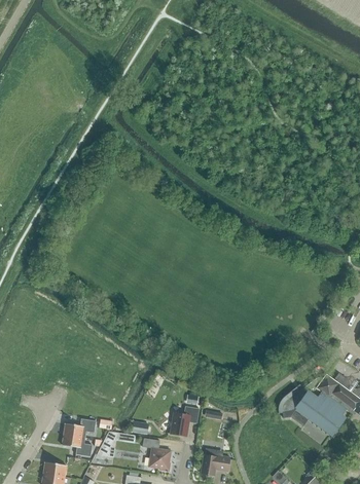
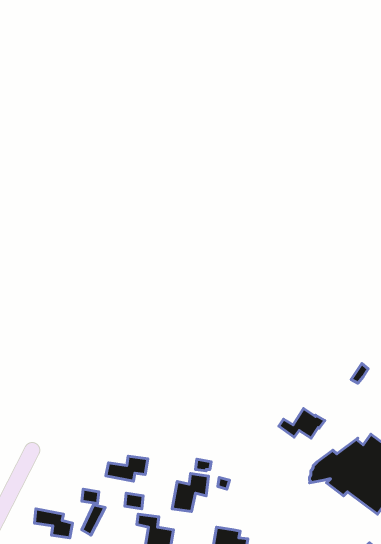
building: none -> [279,409,325,438]
building: [63,418,96,438] -> [106,456,148,481]

